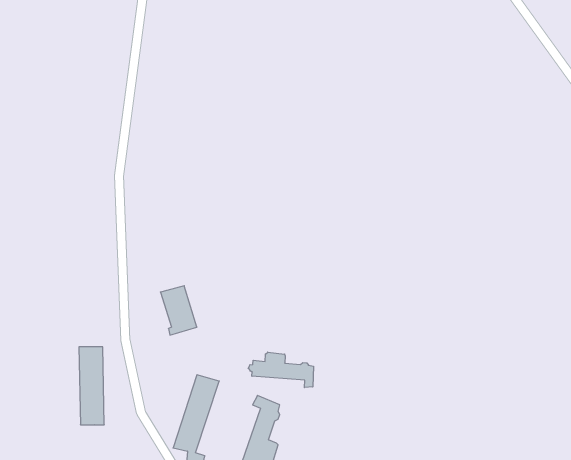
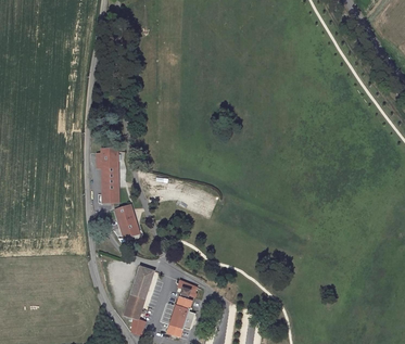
building: [79,347,104,425] -> [101,150,118,203]
building: [248,352,313,388] -> none

